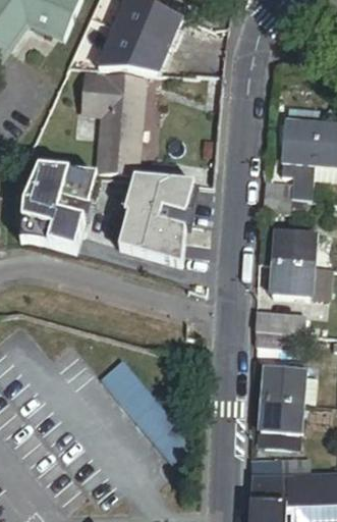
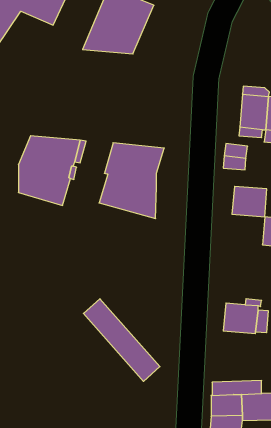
building: [81,74,142,174] -> none
building: [271,262,312,298] -> none
building: [255,310,295,349] -> none
building: [260,399,300,435] -> none

